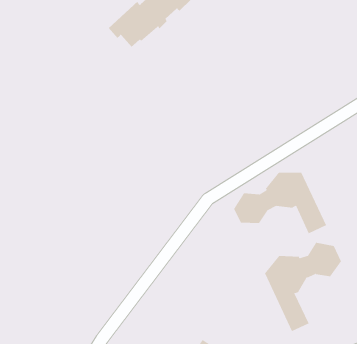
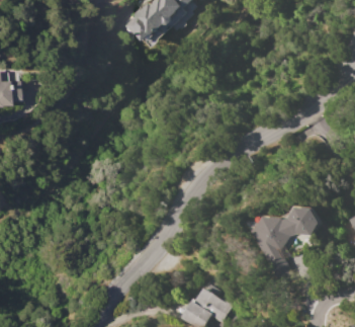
building: [234,172,327,234] -> none

